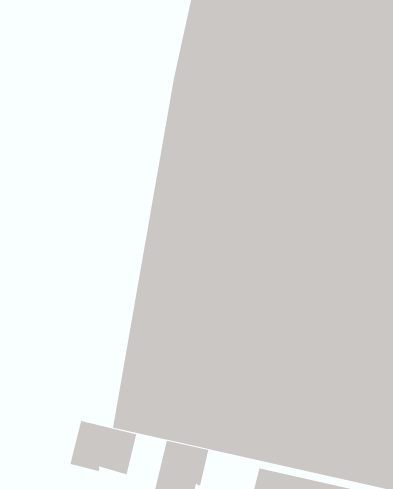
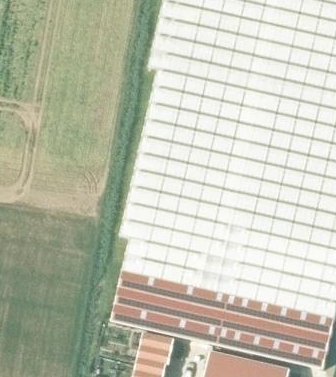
building: [70,420,137,475] -> none

